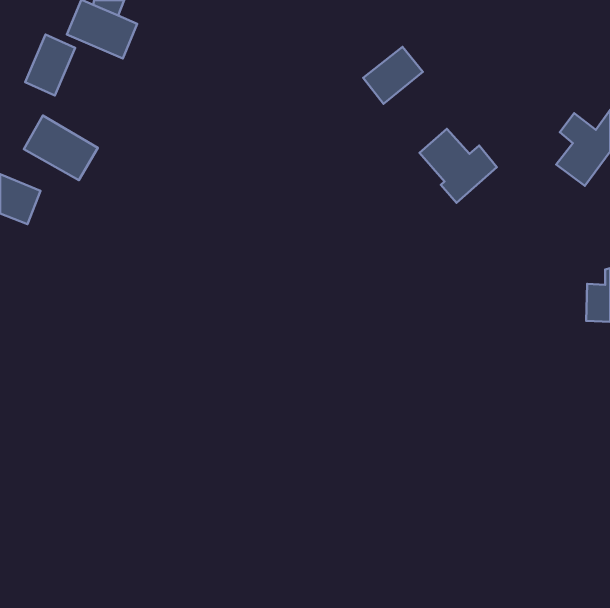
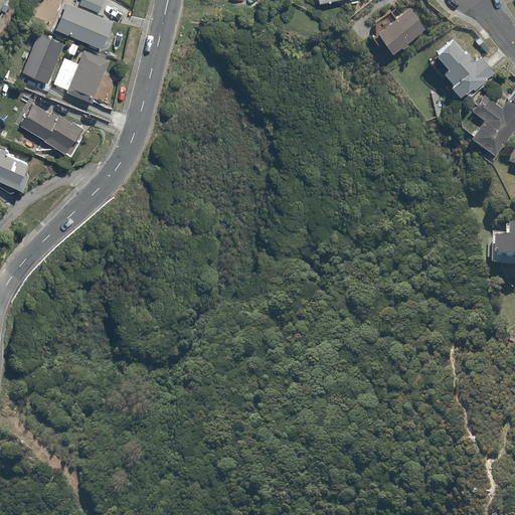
building: [363,47,423,104] -> [373,10,423,58]
building: none -> [53,49,109,101]
building: [419,129,497,203] -> [431,41,496,104]

